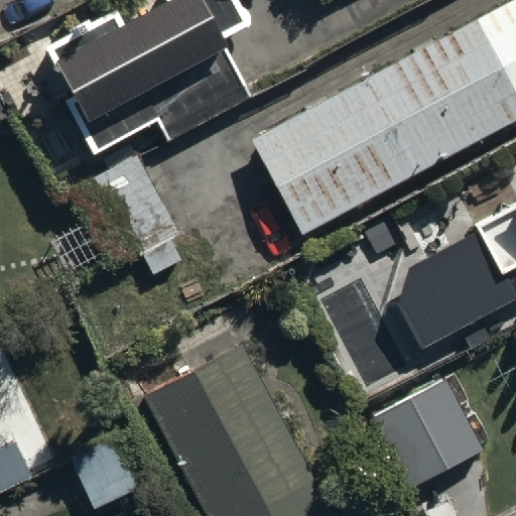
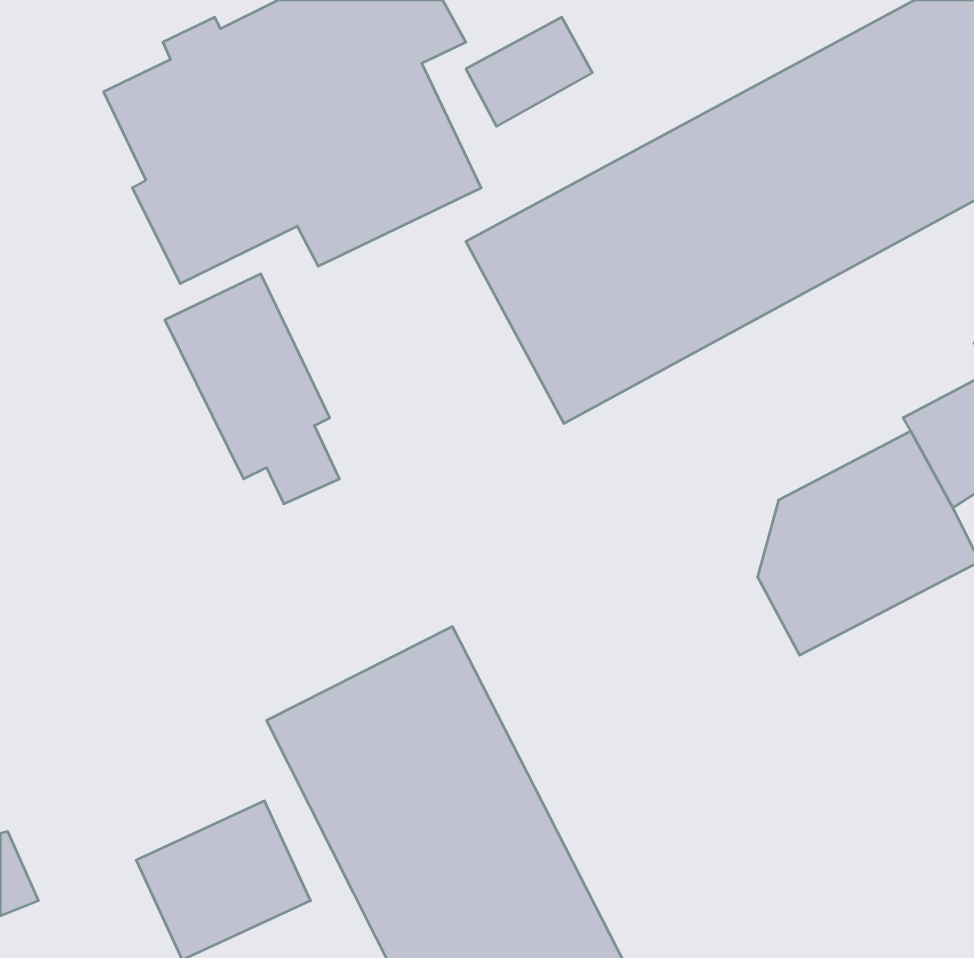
building: [371,380,482,487] -> none

